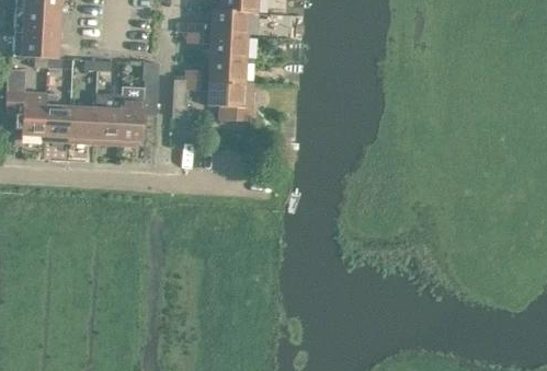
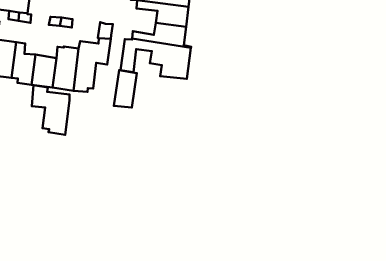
building: none -> [114,70,137,108]
building: none -> [32,85,69,135]

